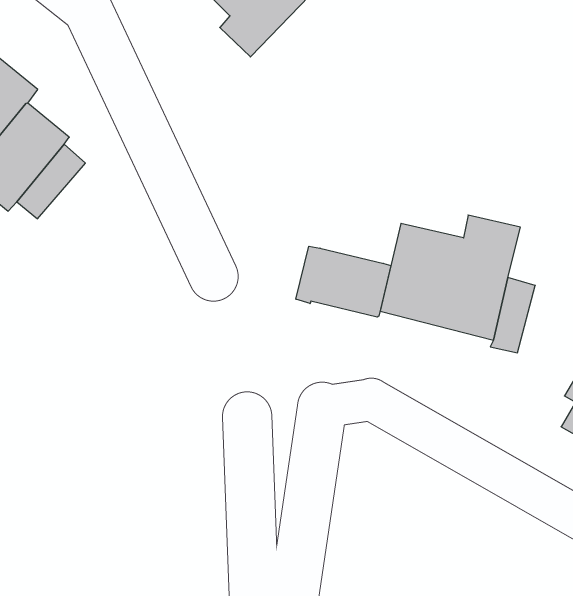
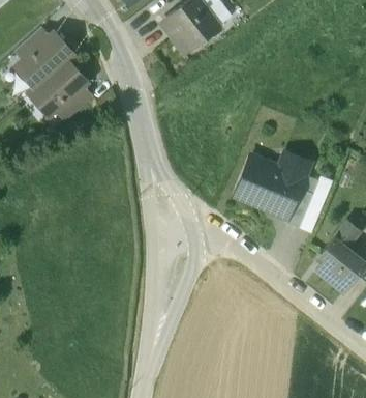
building: [296,246,391,317] -> none

